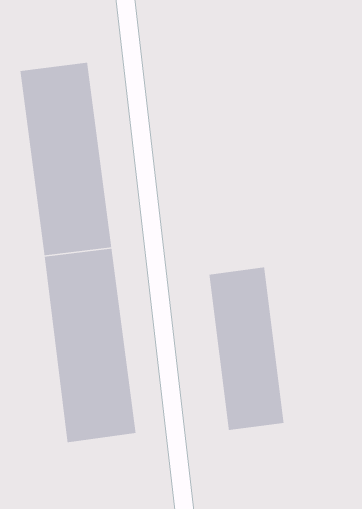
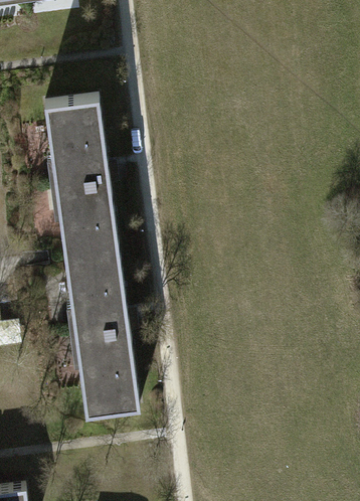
building: [209,267,284,431] -> none

